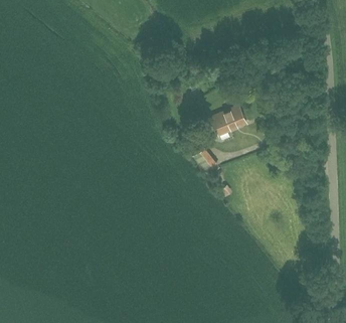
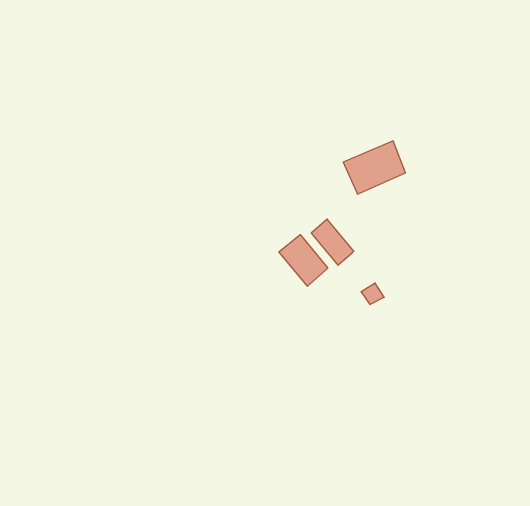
building: none -> [279,235,328,286]

